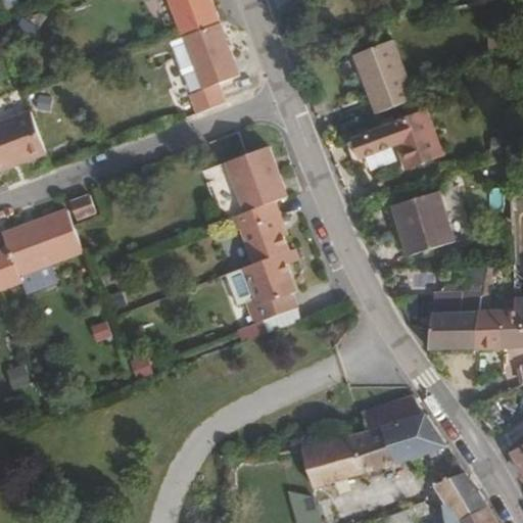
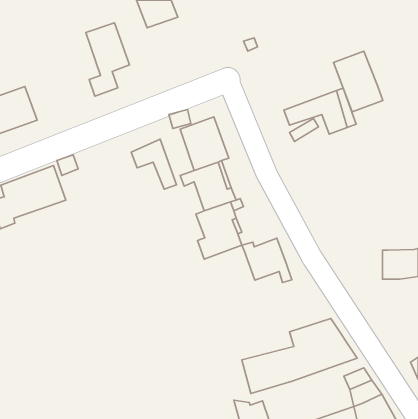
building: [185,23,239,114] -> [86,23,129,96]
building: [353,41,415,116] -> [333,51,383,112]
building: none -> [131,139,176,189]
building: [391,192,451,255] -> none
building: [427,293,475,349] -> none
building: none -> [242,238,292,283]

